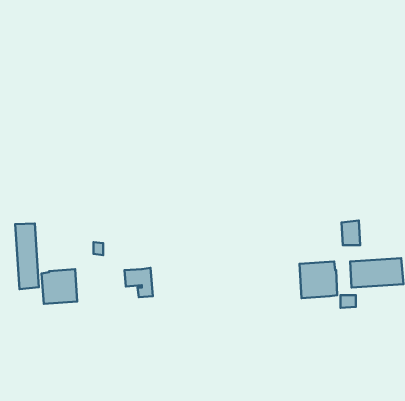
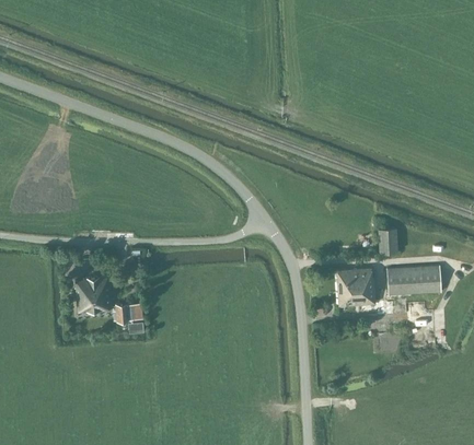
building: [15,224,39,289] -> none
building: [125,268,153,297] -> [115,303,143,332]

